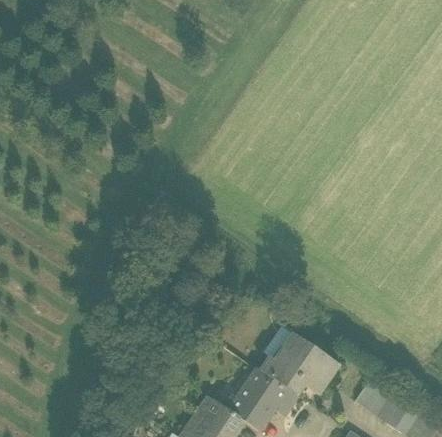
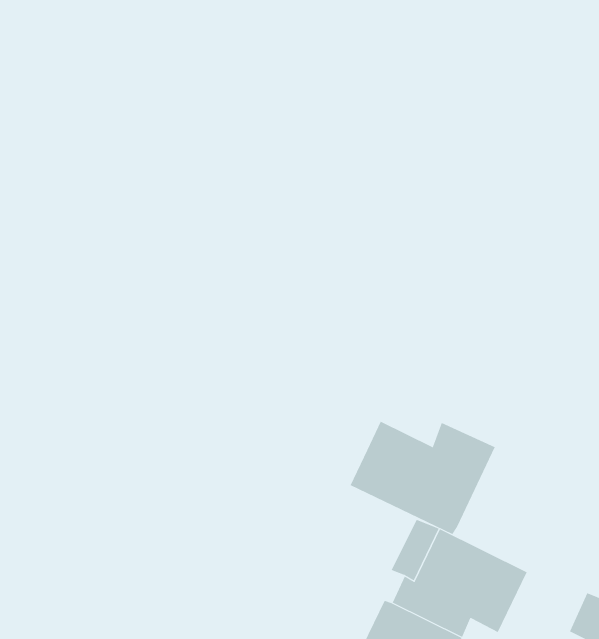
building: none -> [350,421,495,535]

